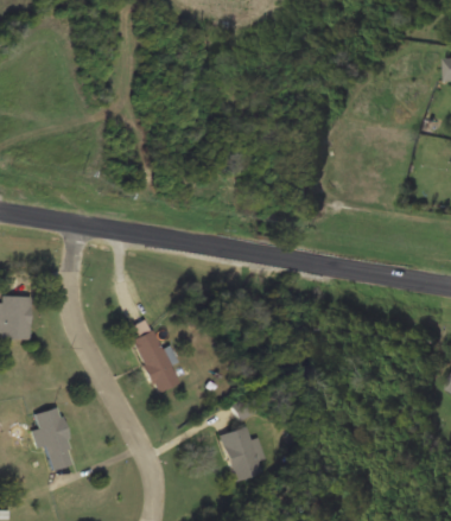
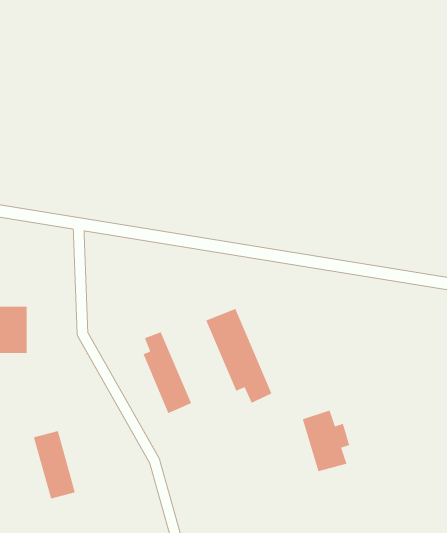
building: none -> [205,308,272,404]
building: [221,426,263,482] -> [302,410,350,472]

